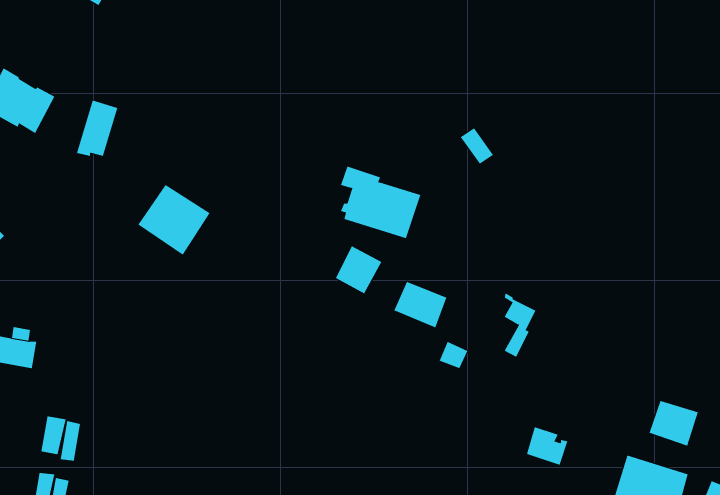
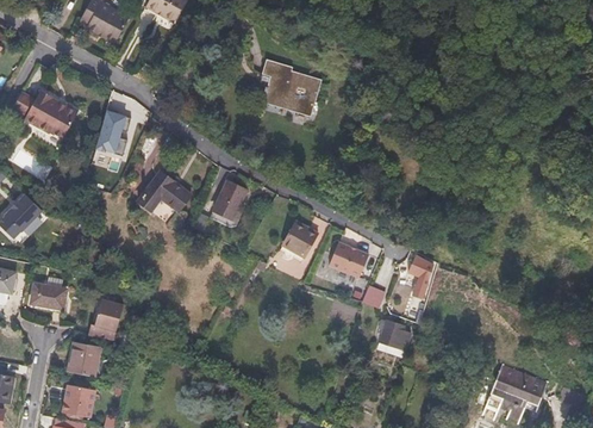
building: [340,166,421,239] -> [262,61,322,114]
building: none -> [216,180,248,217]
building: none -> [90,300,121,340]
building: [649,400,699,447] -> none
building: [526,427,568,465] -> [380,321,411,349]

